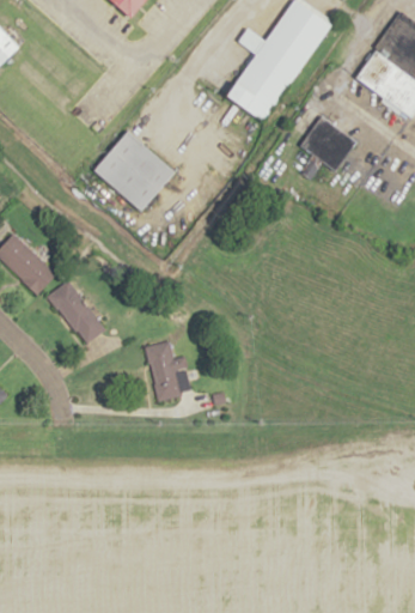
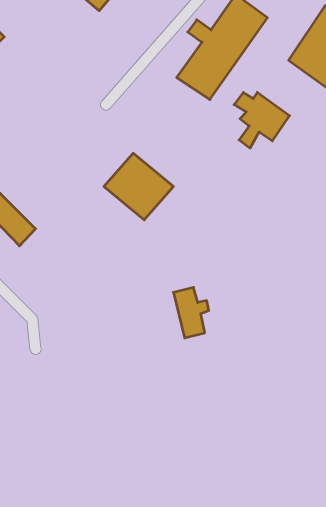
building: [93,131,176,210] -> [104,153,173,220]
building: [47,281,105,344] -> none
building: [145,341,187,401] -> [173,287,209,338]

